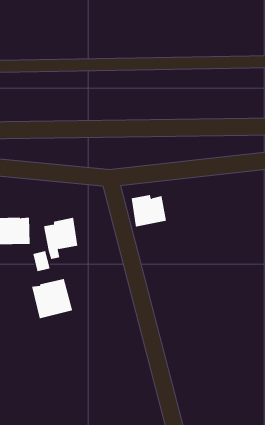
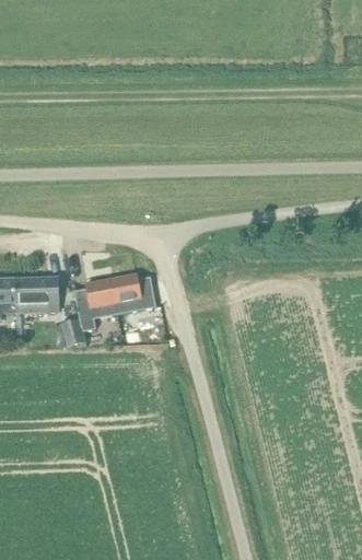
building: [131,195,167,227] -> [112,273,155,313]
building: [31,278,73,319] -> none

